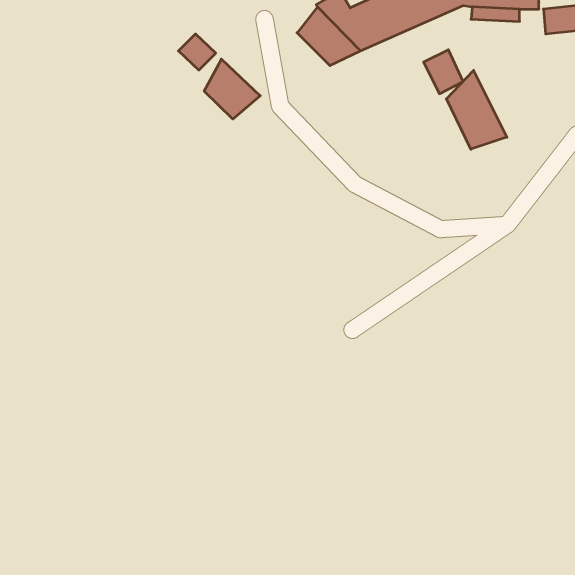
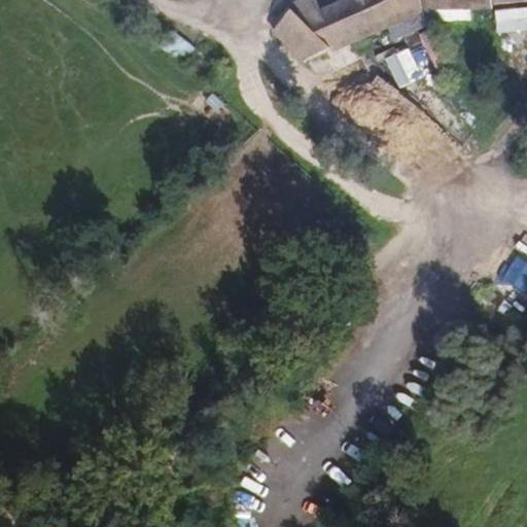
building: [204,59,260,119] -> none
building: [446,70,507,149] -> none

